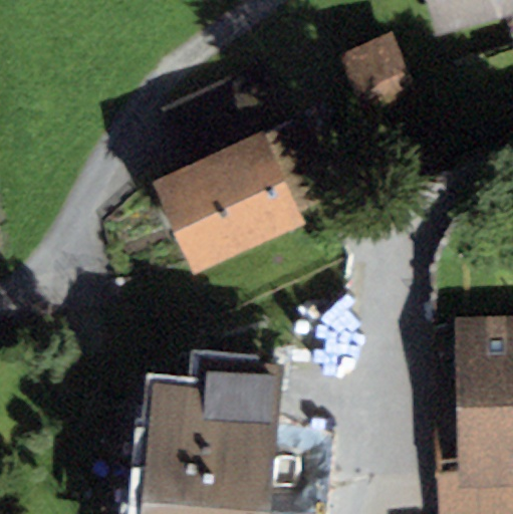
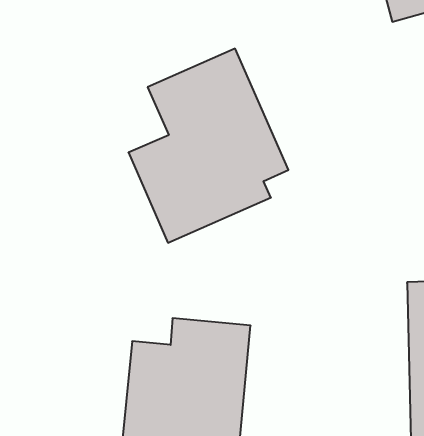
building: [338,33,416,117] -> none

